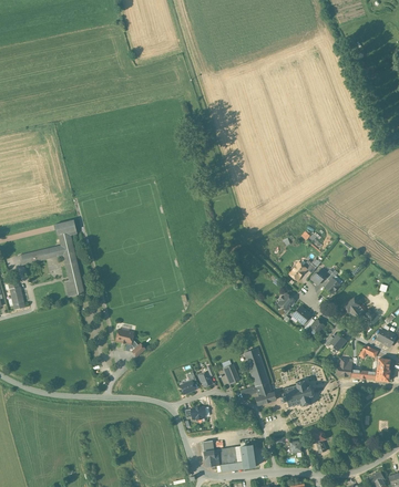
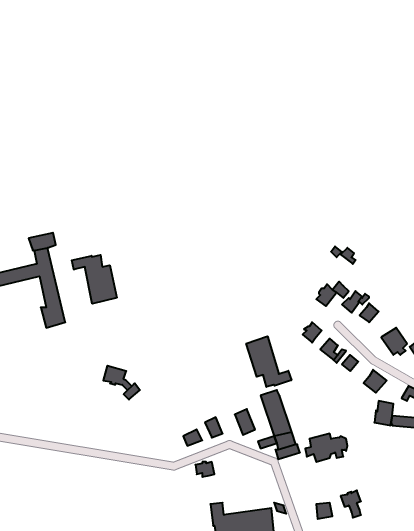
building: none -> [72,255,117,304]
building: none -> [246,336,291,387]

